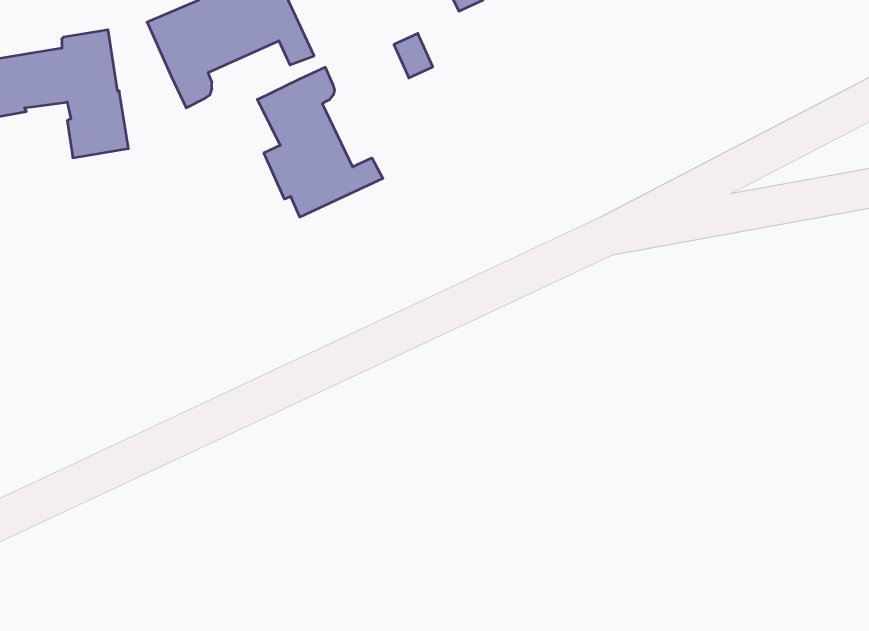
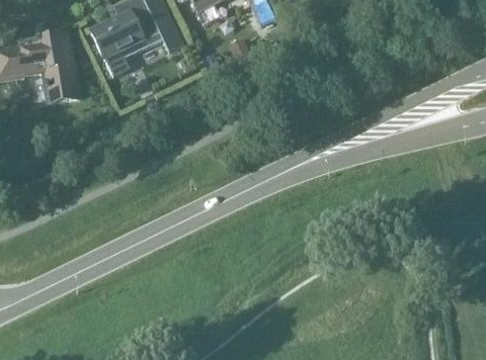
building: [257,67,383,217] -> none

